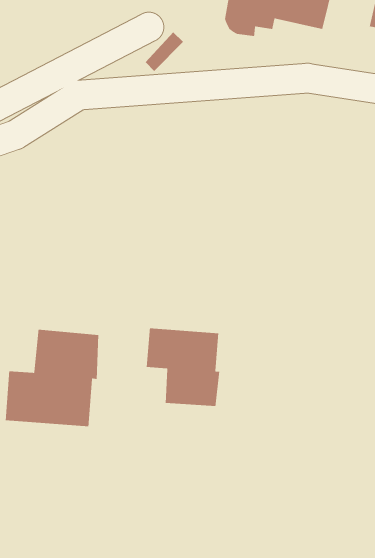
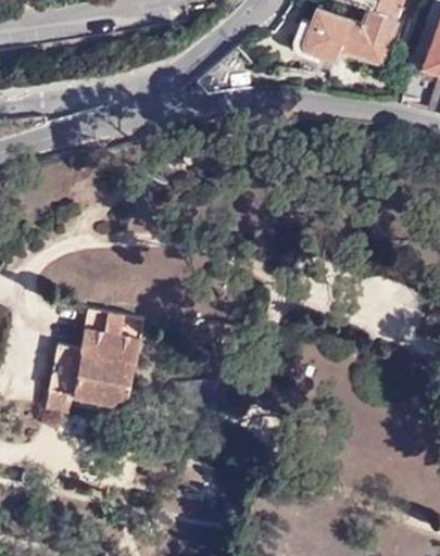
building: [146,328,220,407] -> none

